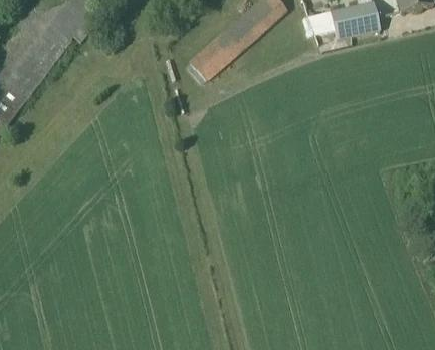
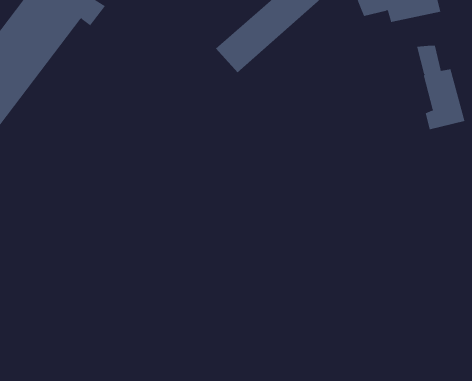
building: none -> [416,45,465,130]

